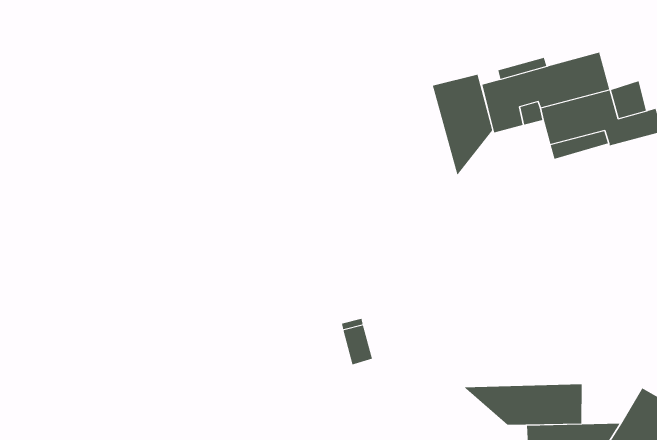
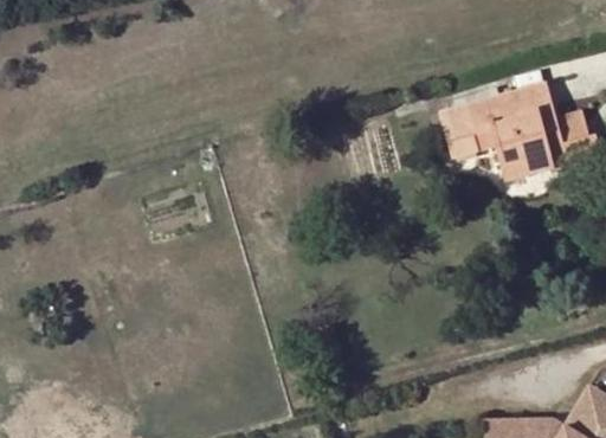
building: [432,74,493,176] -> none
building: [463,384,582,425] -> none

